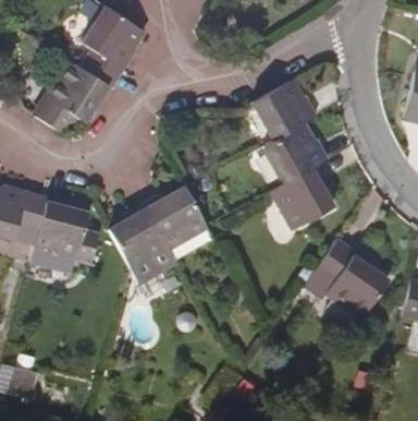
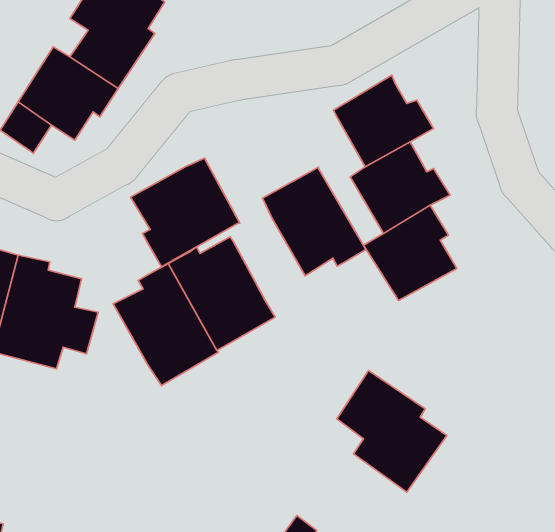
building: none -> [130,158,240,267]
building: none -> [263,167,366,276]
building: [316,239,388,318] -> [337,371,447,492]

